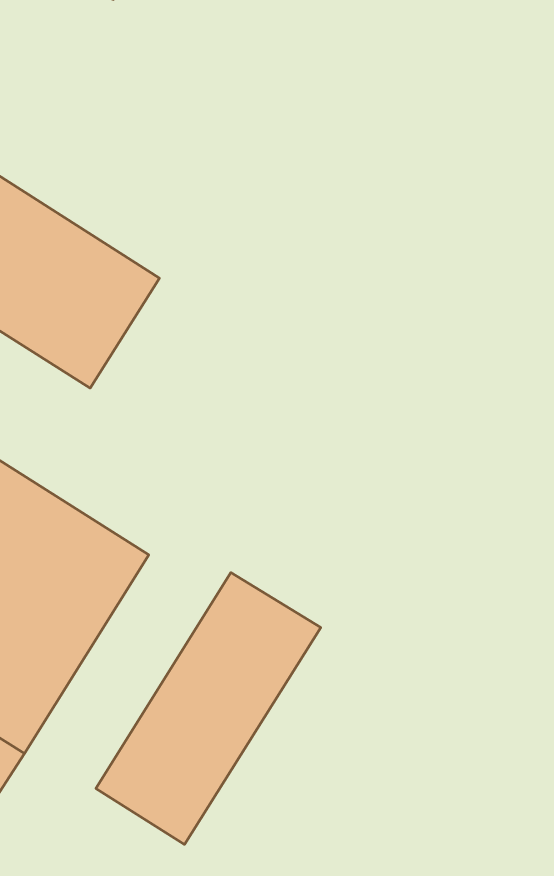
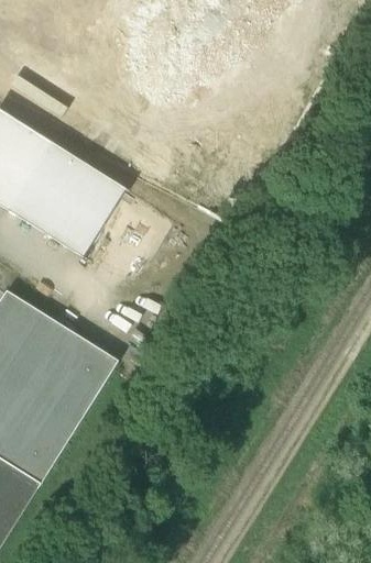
building: [96,573,321,845] -> none

